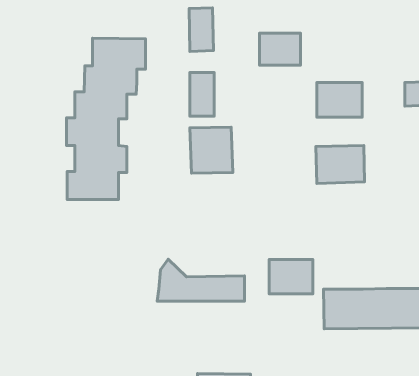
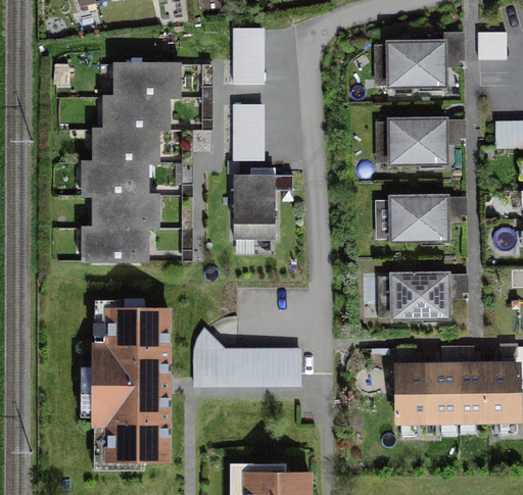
building: none -> [477,34,507,63]
building: [259,33,301,65] -> [390,42,440,81]
building: none -> [98,309,179,462]
building: [269,259,313,294] -> [393,274,446,315]

